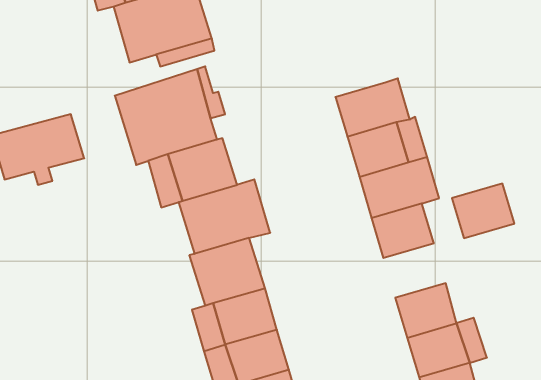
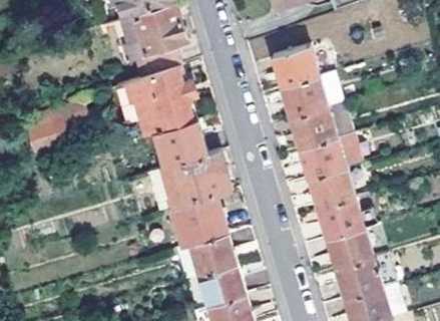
building: none -> [272,45,319,87]
building: [452,184,514,238] -> [317,198,364,239]

